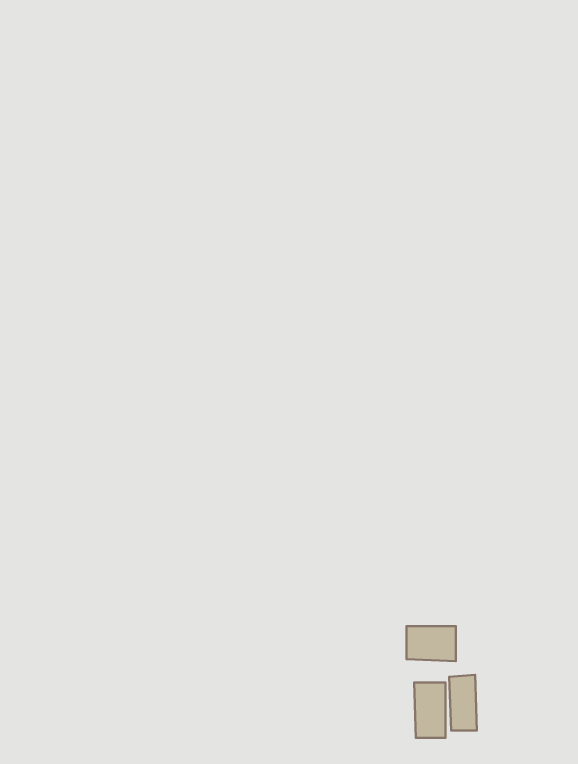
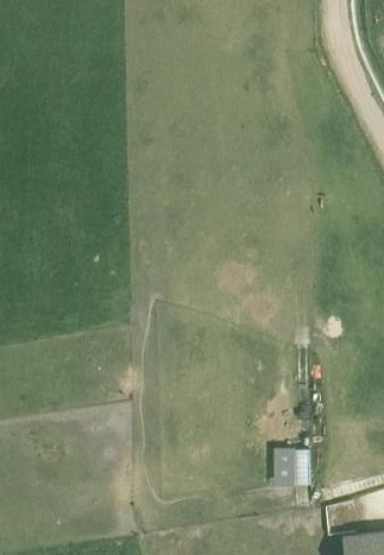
building: [406,626,456,661] -> none

